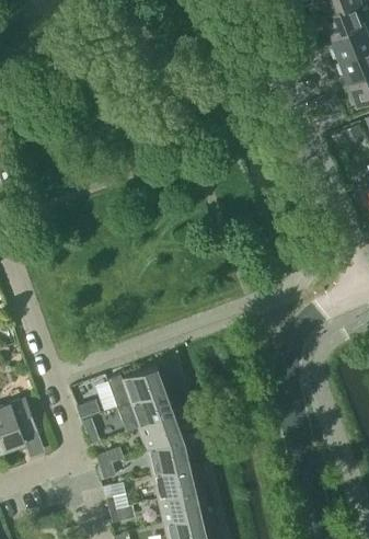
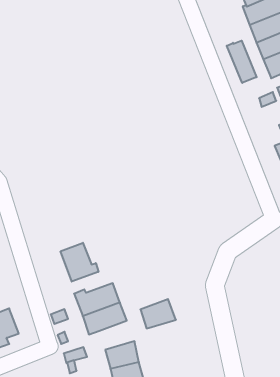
building: none -> [227,41,257,83]
building: none -> [61,243,98,282]
building: [139,414,184,451] -> [140,299,176,328]

